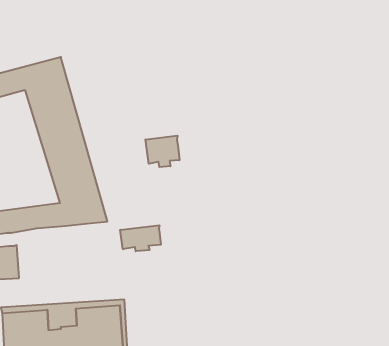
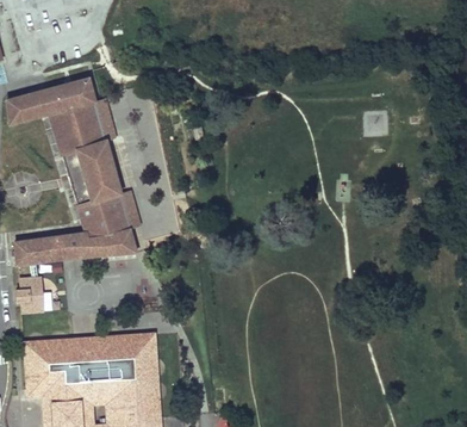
building: [146,136,179,167] -> none
building: [120,225,161,251] -> none

